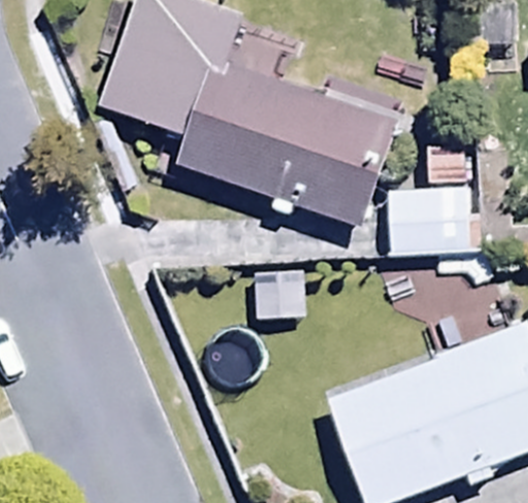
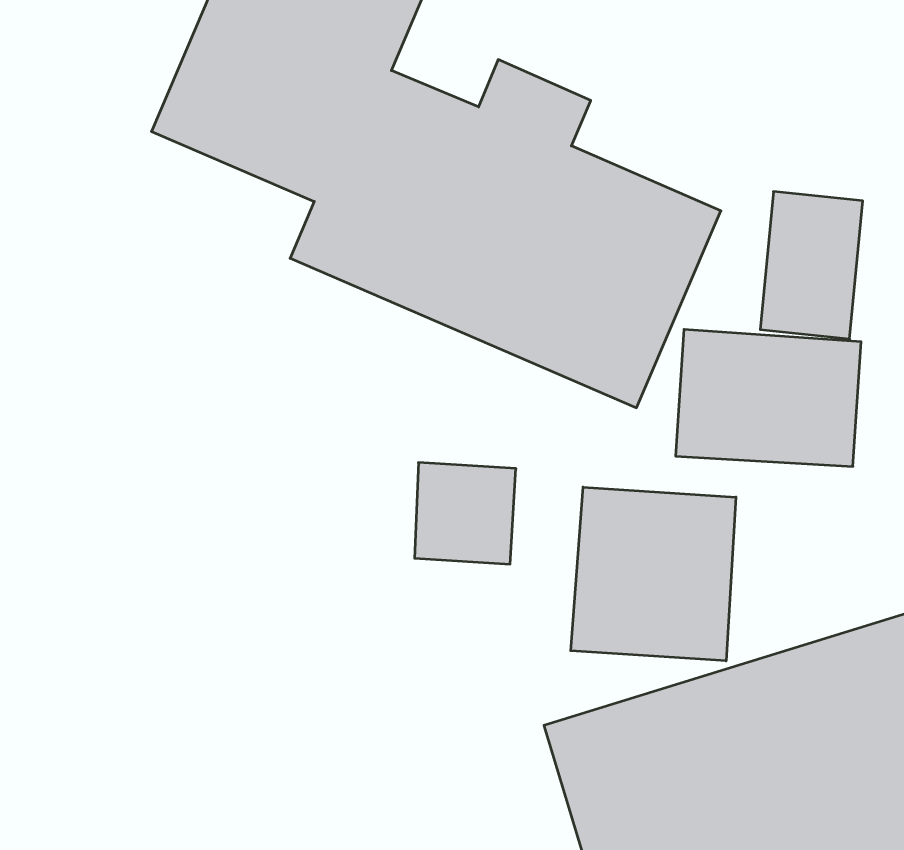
building: none -> [571,487,736,661]

